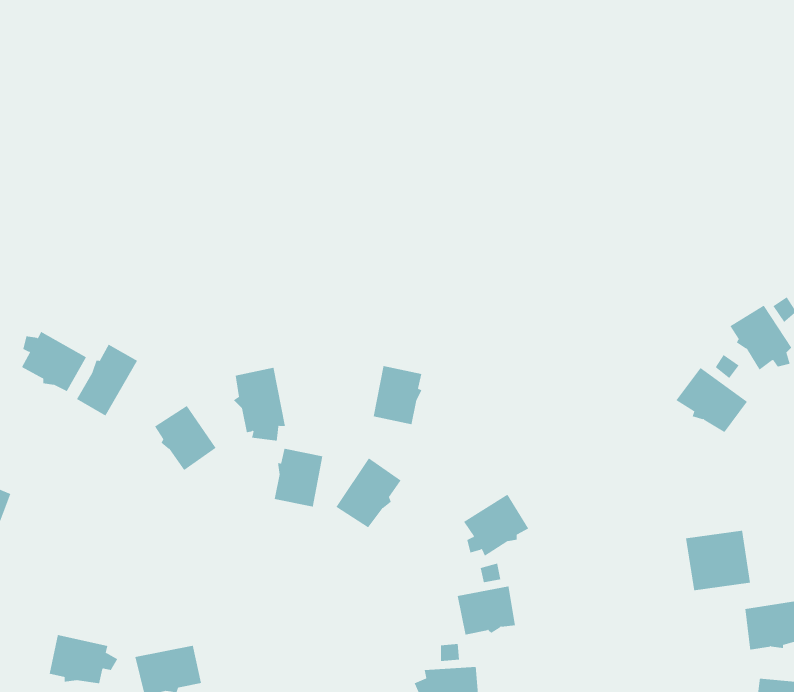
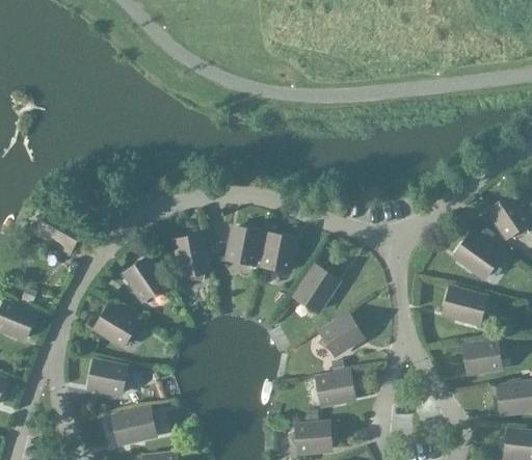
building: [76,344,138,416] -> none
building: [274,448,323,507] -> [228,227,259,265]
building: none -> [443,290,485,324]
building: [336,458,401,528] -> [295,267,337,312]
building: none -> [95,307,136,346]
building: [49,634,118,684] -> [88,362,132,394]

